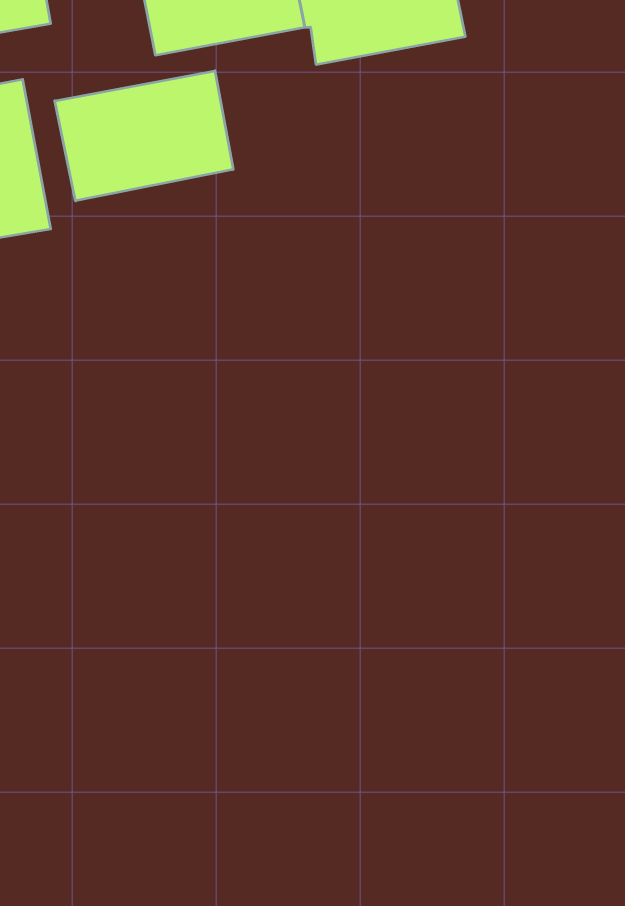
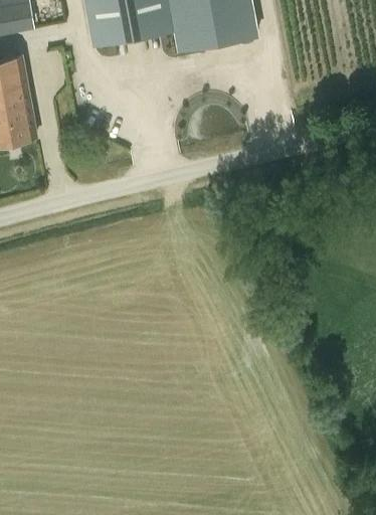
building: [55,71,233,201] -> none

